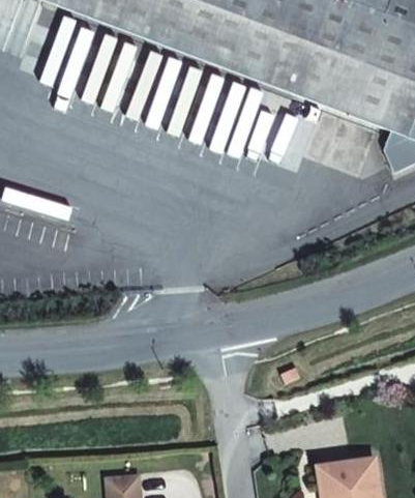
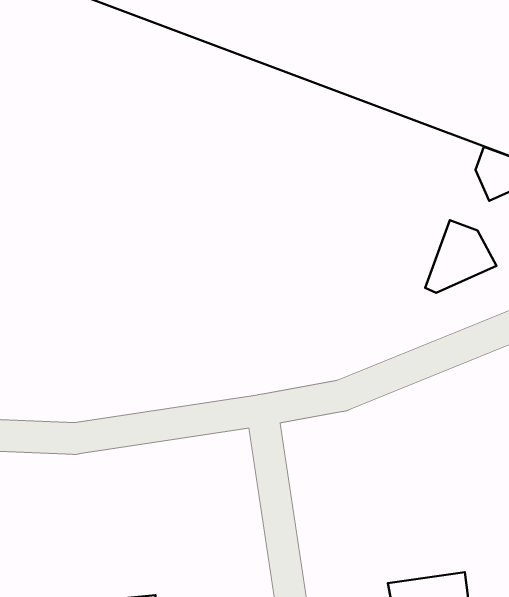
building: none -> [425,220,497,293]

